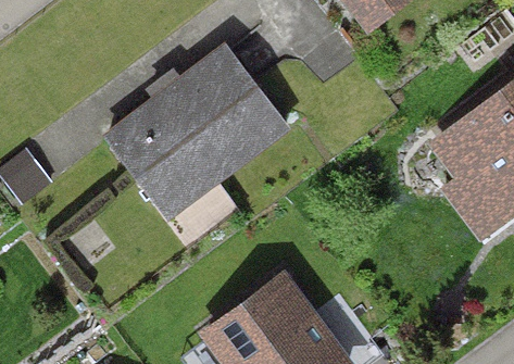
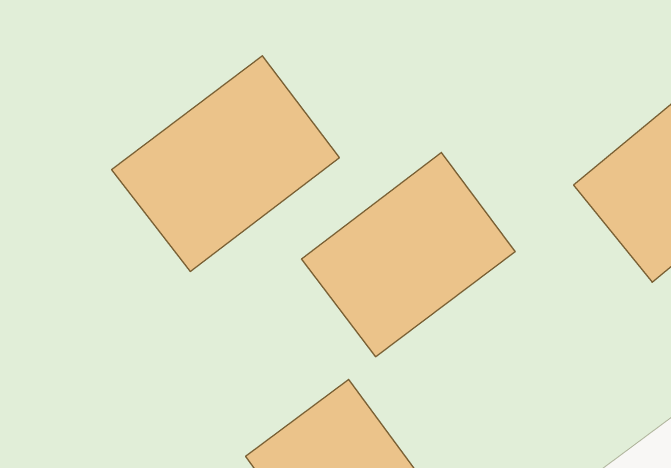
building: none -> [302,152,515,357]

